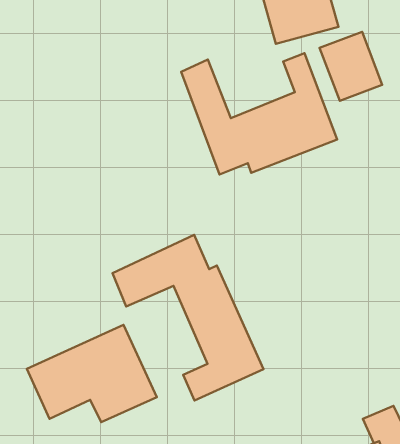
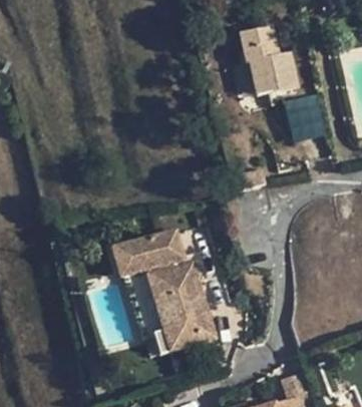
building: [181,53,337,175] -> none
building: [27,325,157,422] -> none

